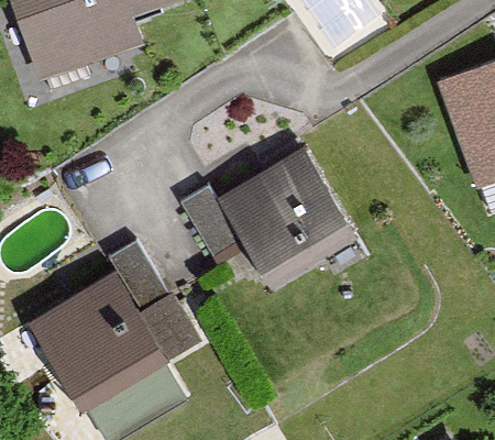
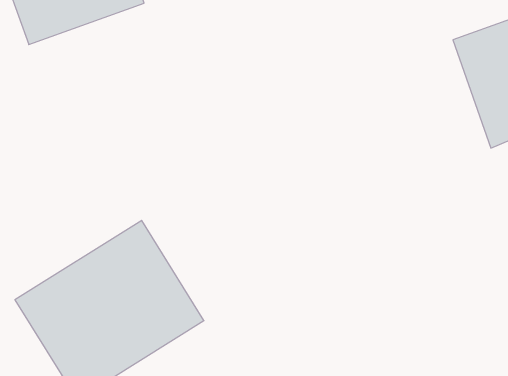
building: [211,139,352,276] -> none

